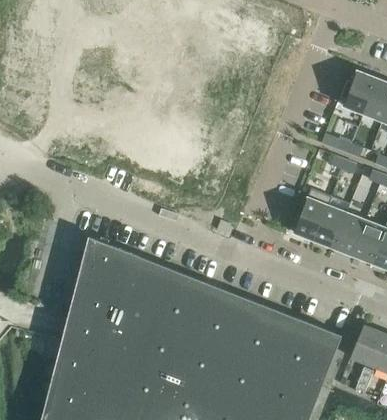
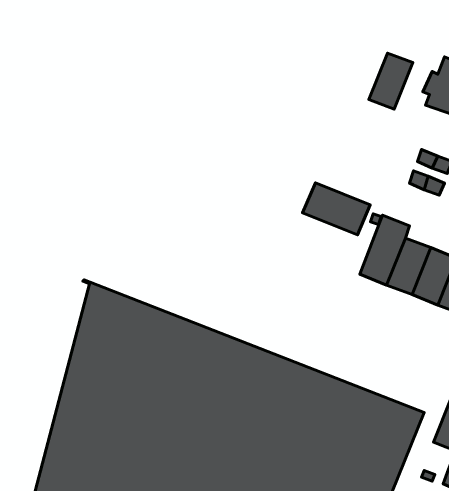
building: none -> [369,53,413,109]
building: none -> [303,183,370,235]

